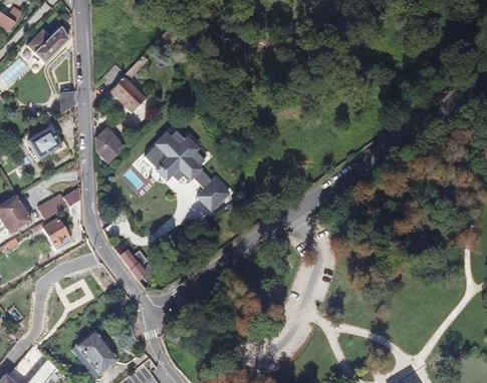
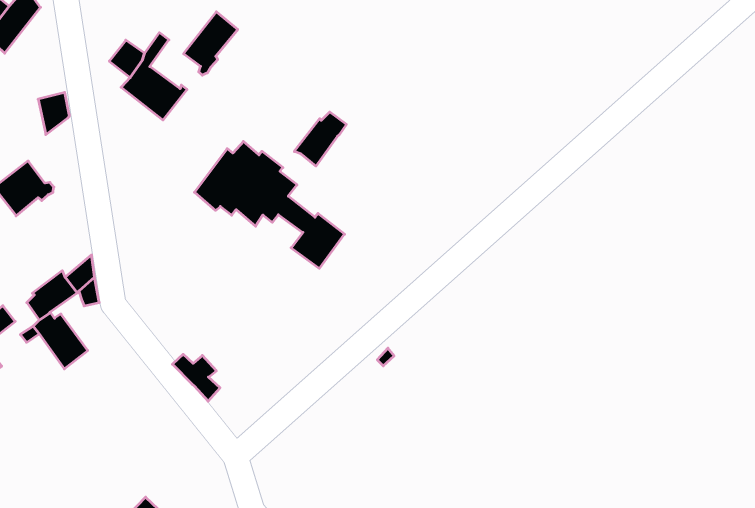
building: none -> [184,12,238,75]
building: none -> [294,112,346,166]
building: [95,125,126,163] -> none

